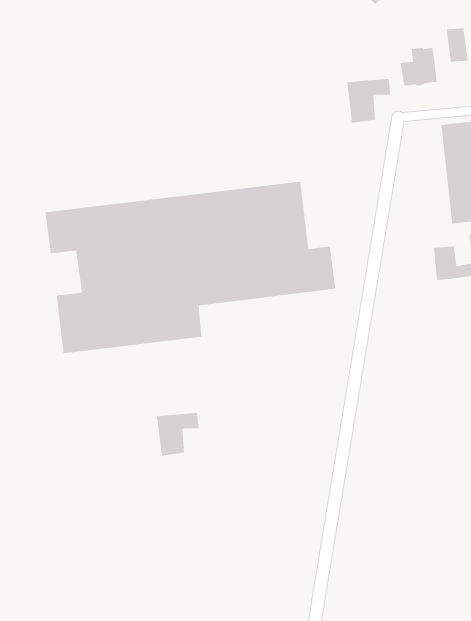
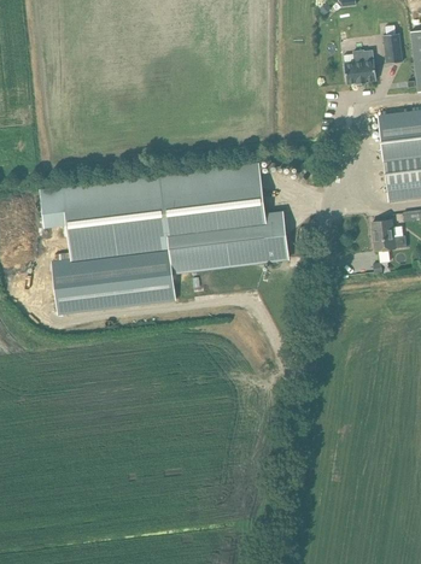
building: [346,78,391,123] -> none
building: [156,412,200,456] -> none

